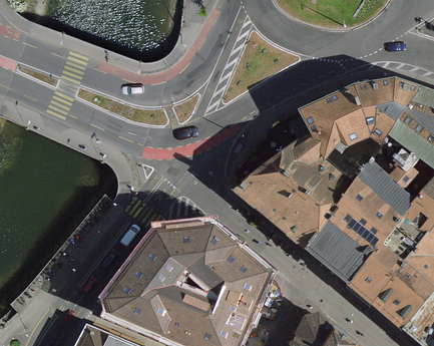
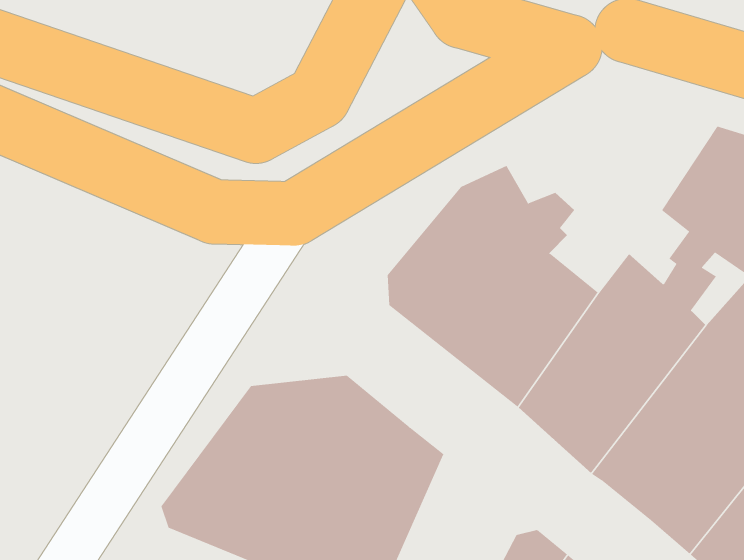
building: [301,81,418,154] -> none

